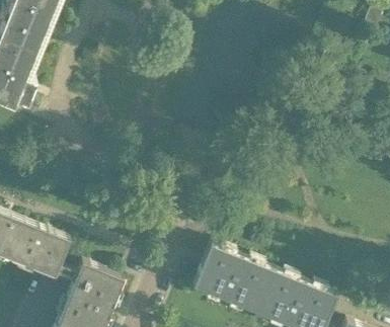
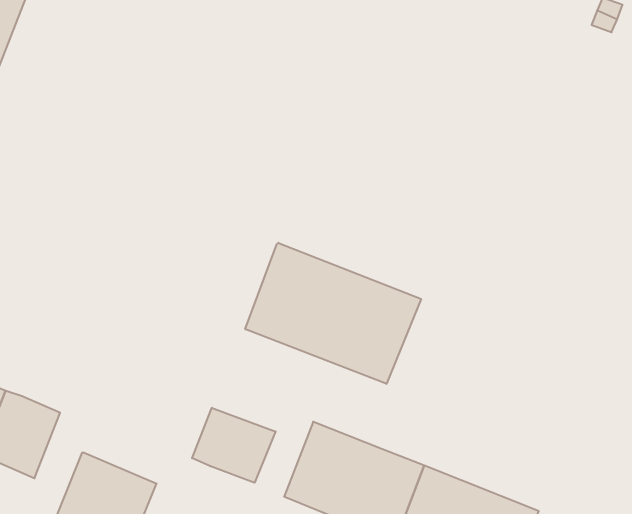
building: none -> [245,243,421,384]
building: none -> [192,408,276,483]

